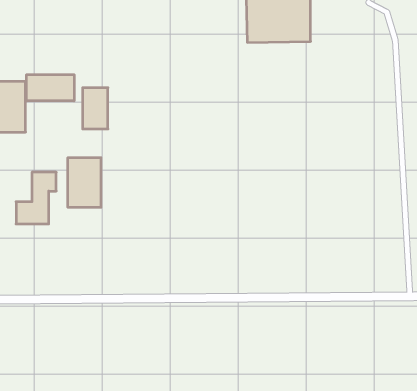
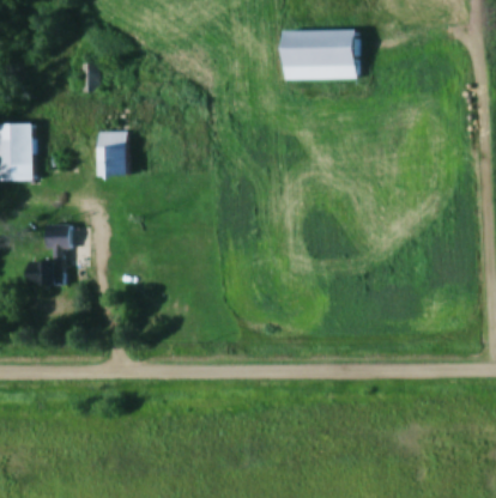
building: [27,75,74,101] -> none
building: [68,158,101,207] -> none

